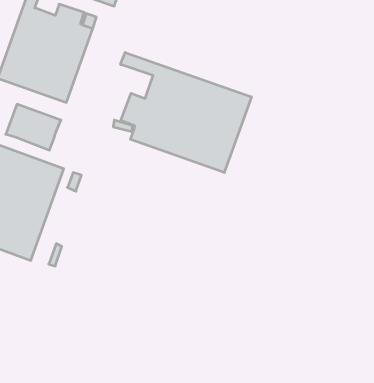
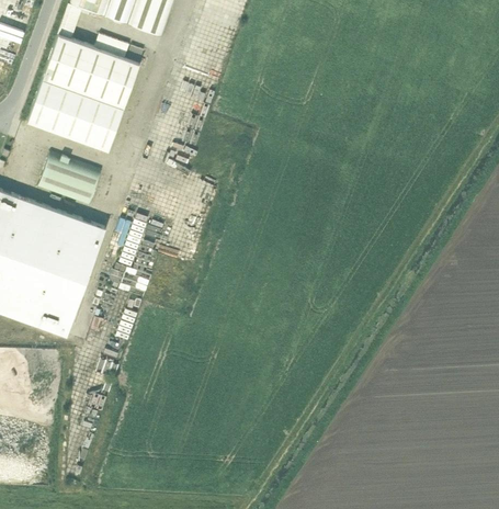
building: [121,52,251,173] -> none

